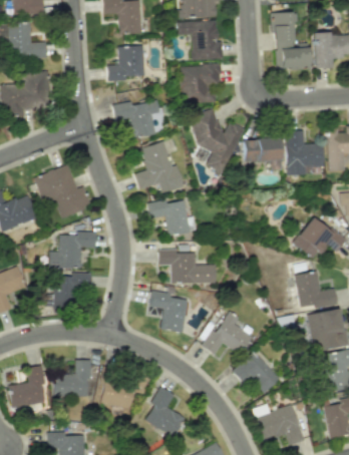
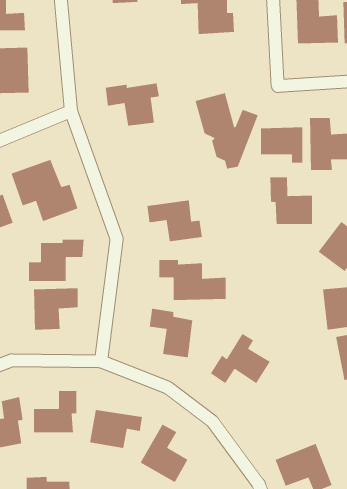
building: [107,45,144,81] -> none
building: [182,63,221,102] -> none
building: [134,140,184,192] -> none
building: none -> [269,176,313,225]
building: [233,351,280,393] -> none

